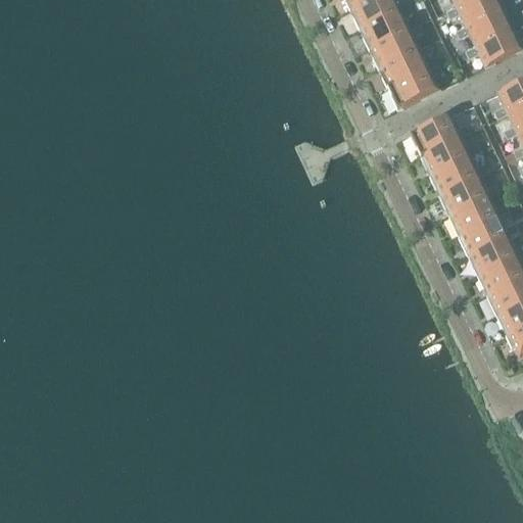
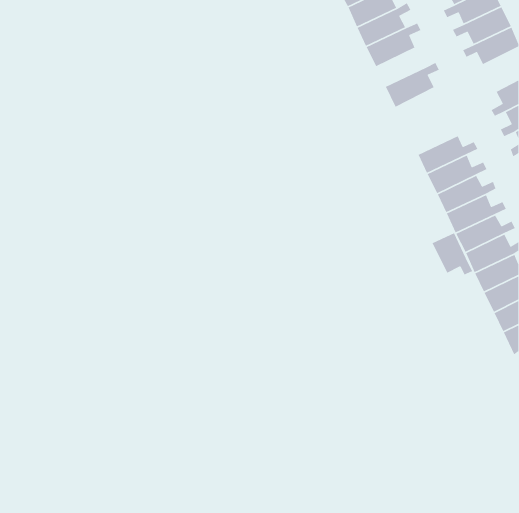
building: [378,42,433,87] -> none
building: [410,115,471,155] -> none
building: none -> [432,232,473,276]

